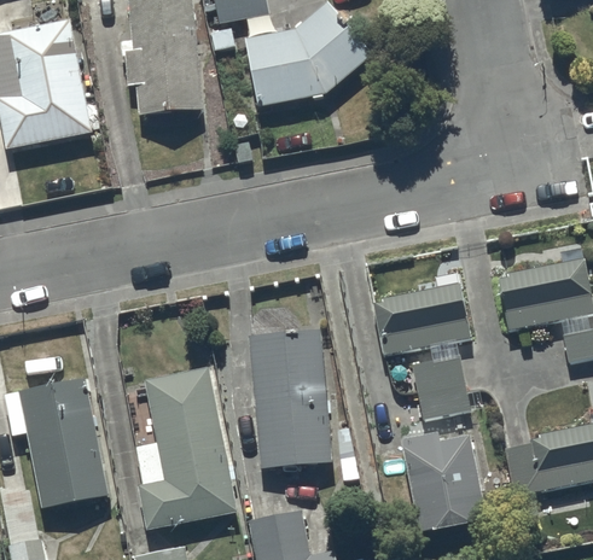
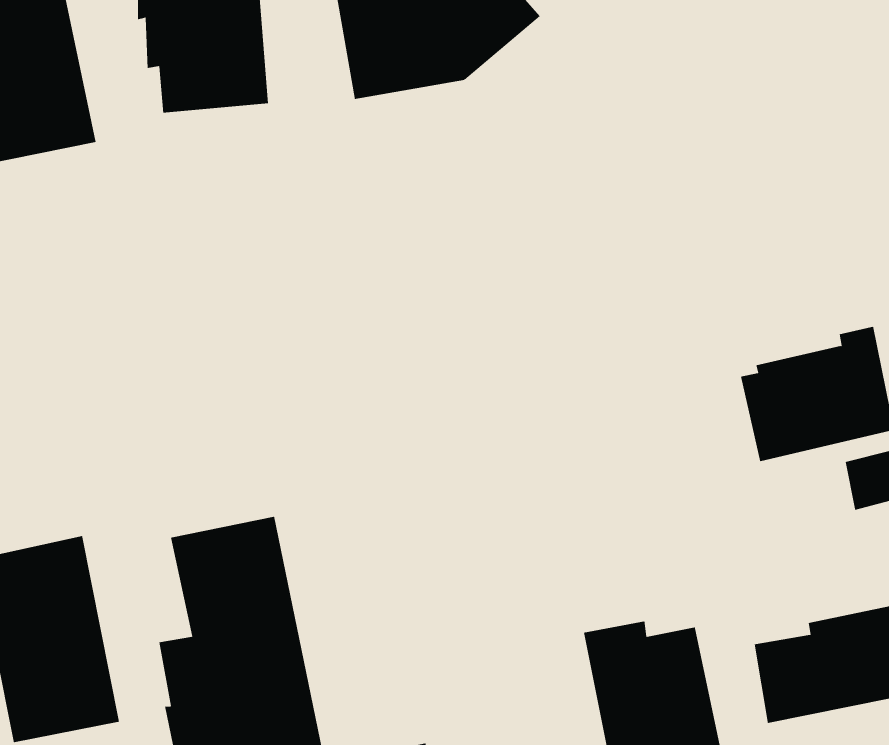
building: [373,282,472,356] -> none
building: [248,327,332,471] -> none
building: [411,350,470,420] -> none

